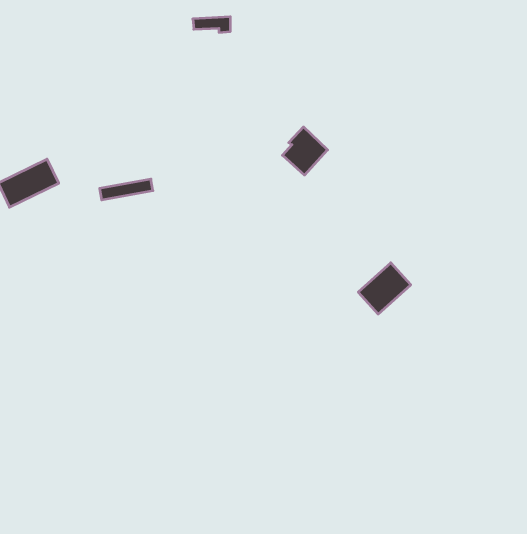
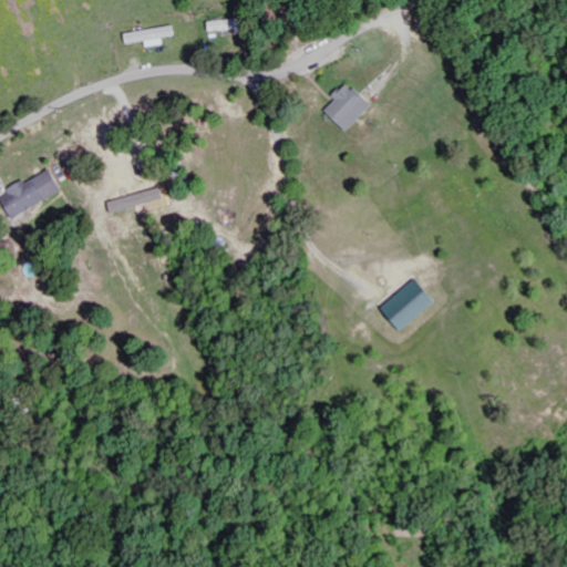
building: none -> [122,27,172,47]
building: [282,127,328,175] -> [322,81,370,132]

